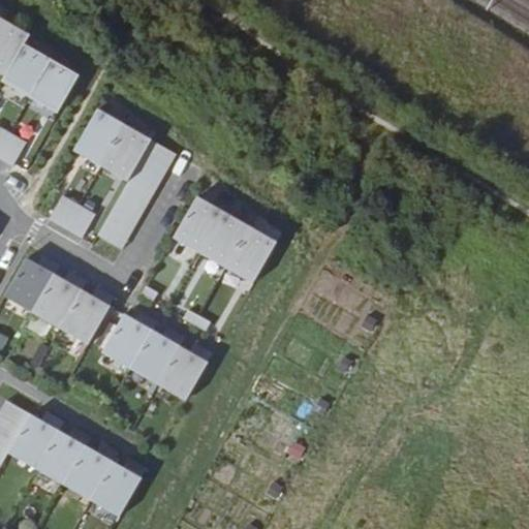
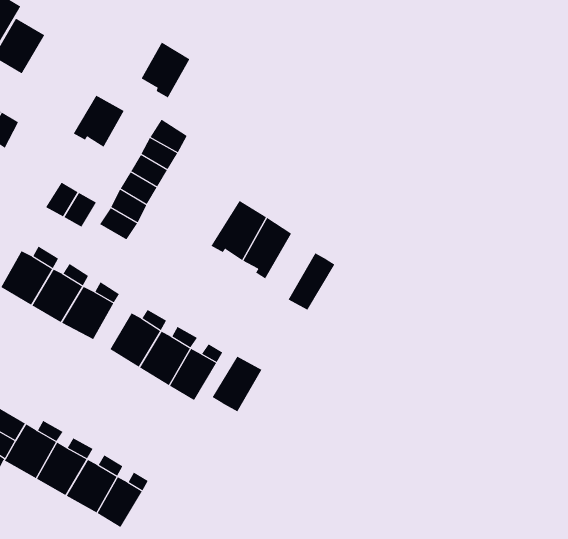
building: [27,65,74,116] -> none
building: [100,133,145,184] -> [141,42,190,98]
building: [173,198,222,255] -> none
building: none -> [288,252,335,311]
building: none -> [212,356,262,412]

